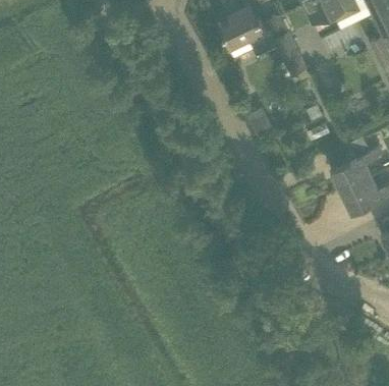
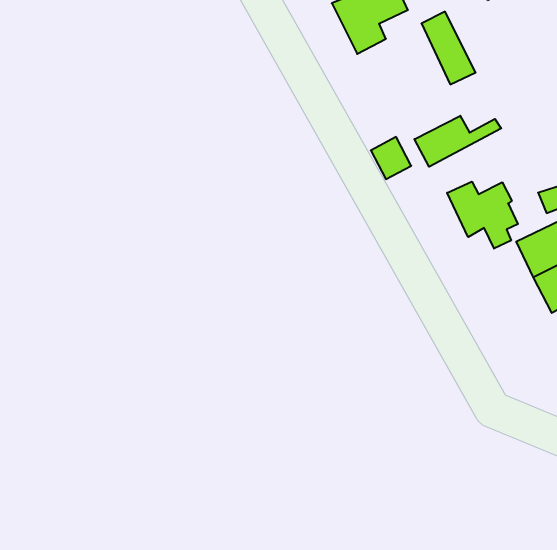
building: none -> [414,116,501,167]
building: none -> [447,182,518,249]

